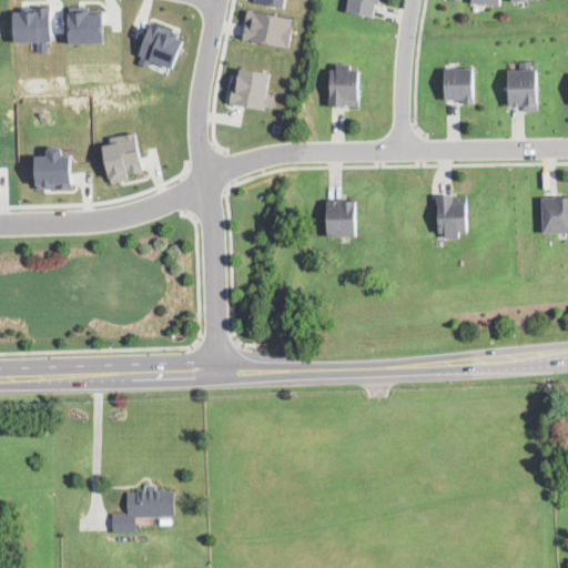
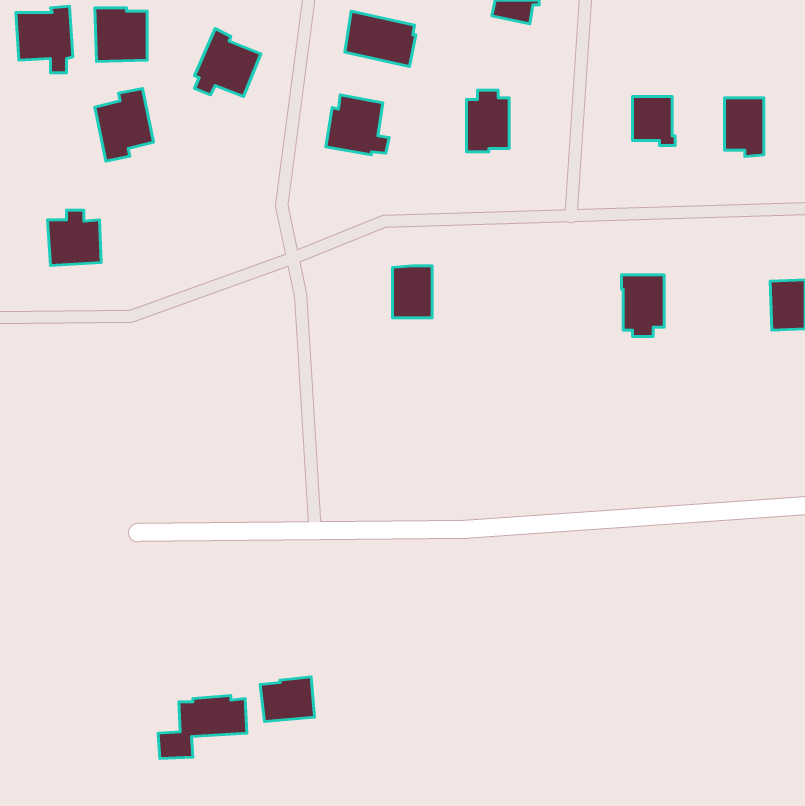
building: [102,132,143,183] -> [95,88,153,161]
building: [326,200,354,236] -> [392,266,432,318]
building: none -> [260,677,314,721]

